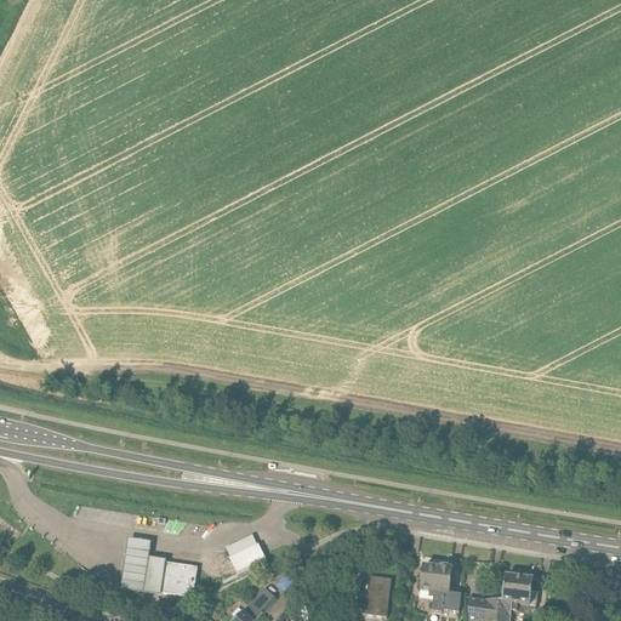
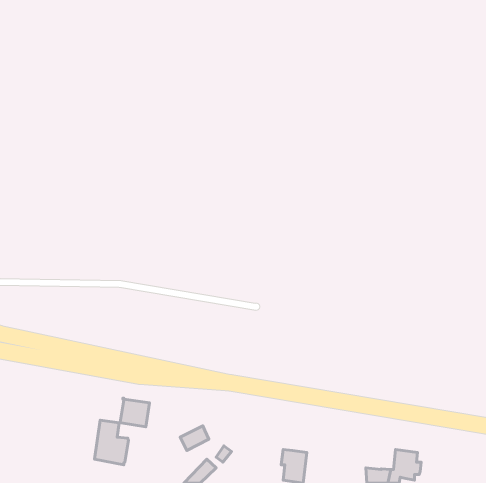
building: [158,558,196,594] -> [119,398,150,427]
building: [417,563,461,610] -> none

